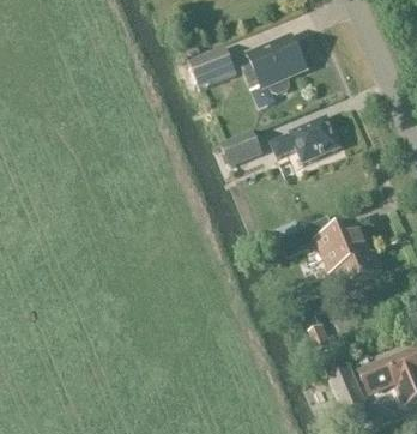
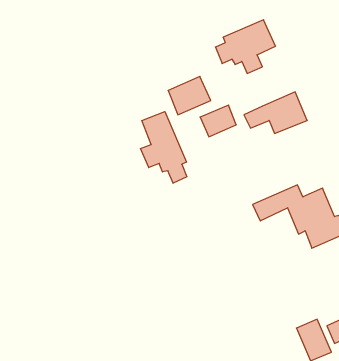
building: [187,48,234,90] -> [168,76,211,115]
building: none -> [141,112,187,183]

